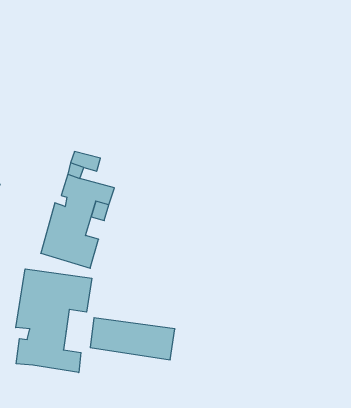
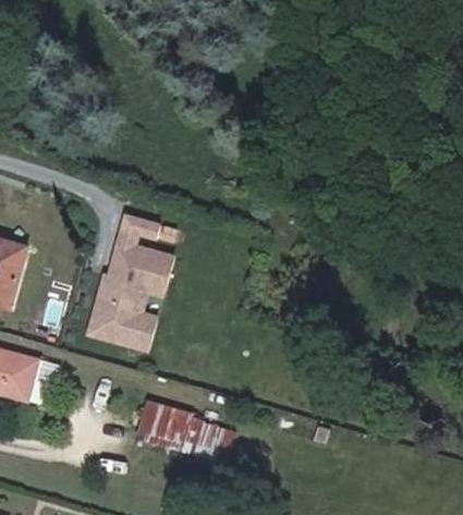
building: [16,269,92,373] -> none

